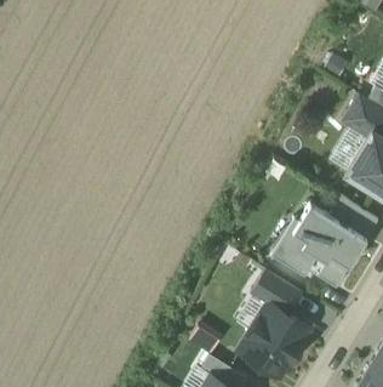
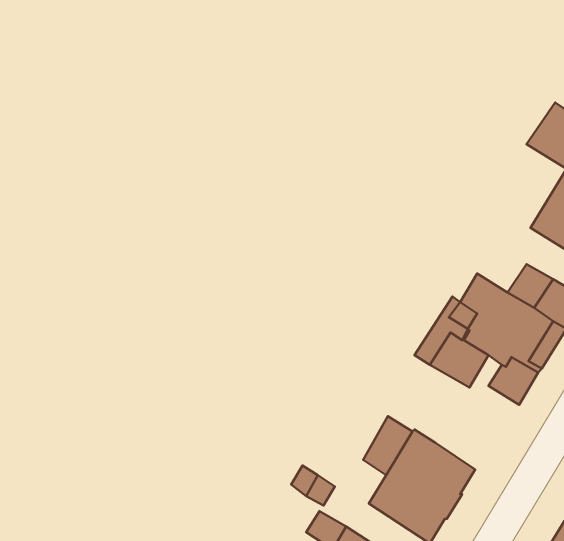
building: [251,273,303,314] -> none

